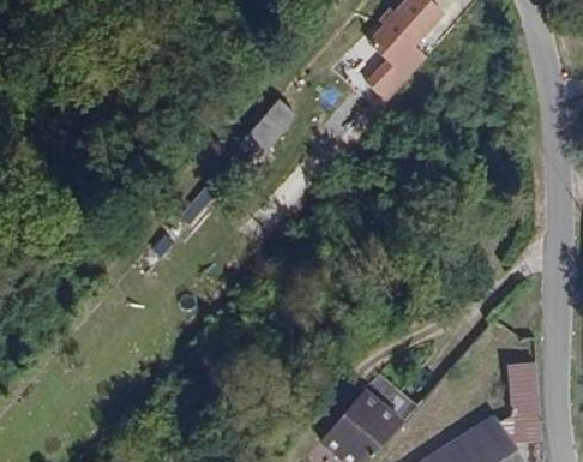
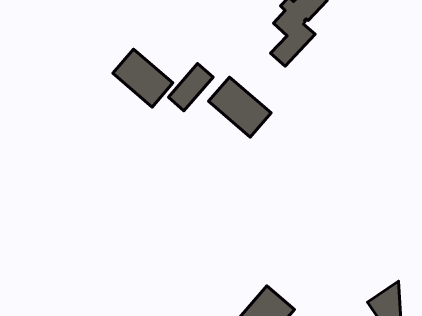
building: none -> [113,49,173,107]
building: none -> [209,77,271,137]

